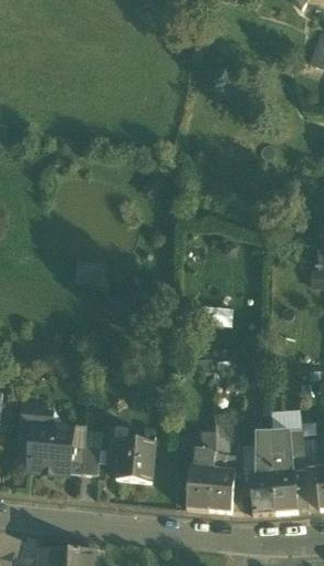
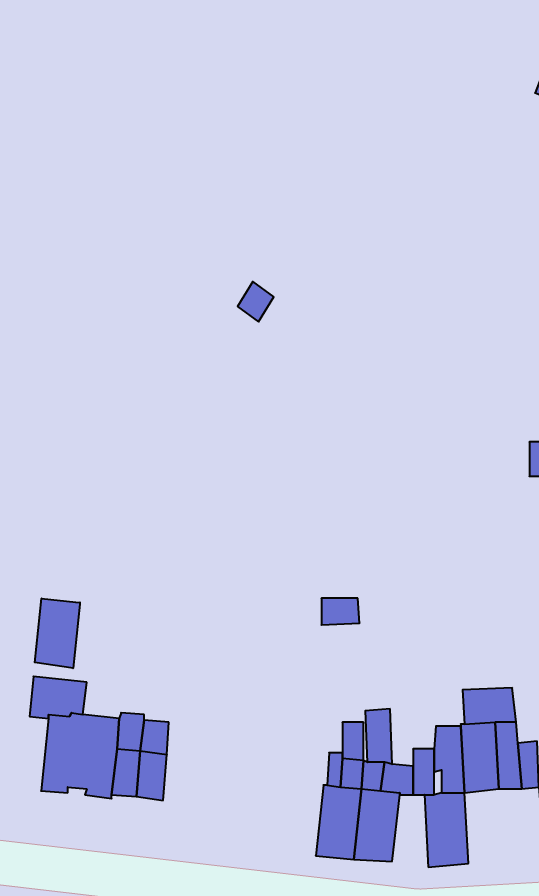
building: none -> [35,598,80,668]
building: [109,438,154,482] -> none
building: [272,469,296,512] -> none

